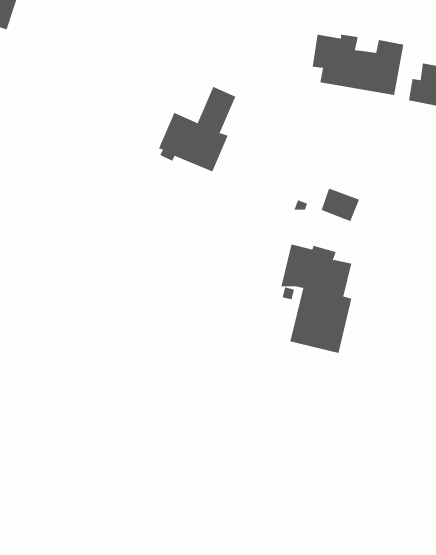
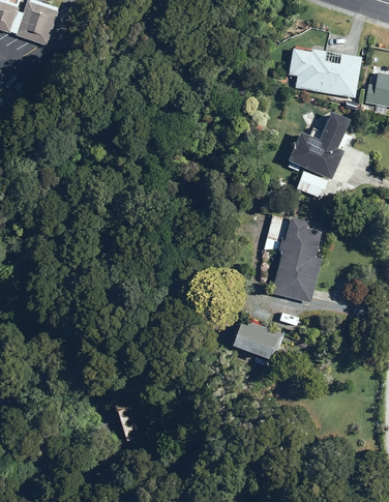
building: [158,86,236,172] -> [287,111,349,179]
building: none -> [229,322,283,358]

